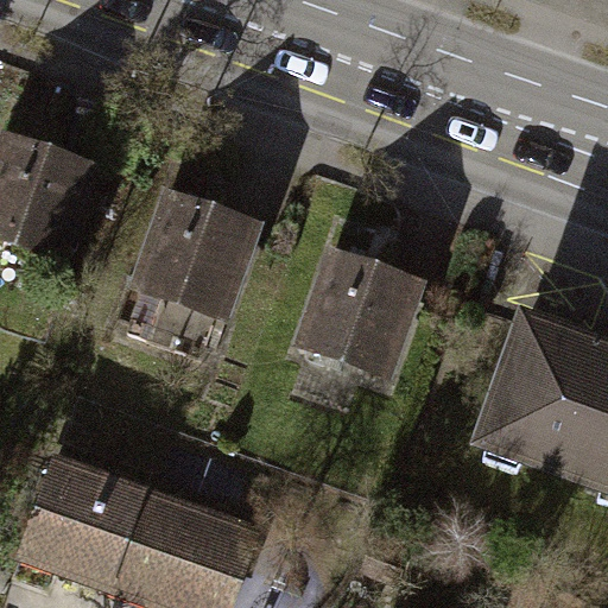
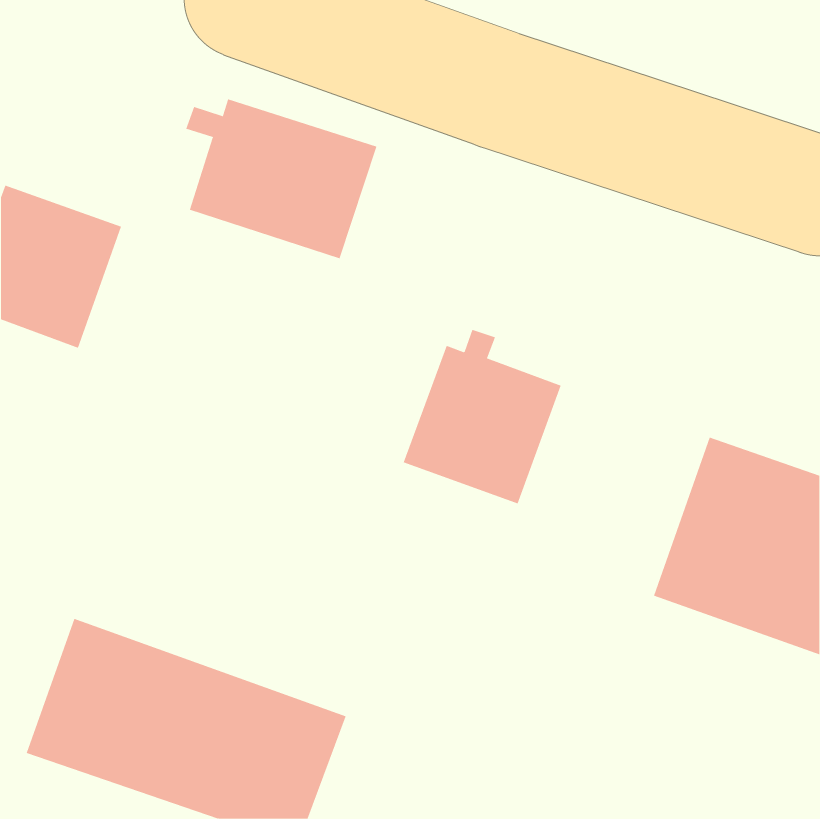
building: none -> [186,98,377,259]
building: [126,190,253,357] -> none

